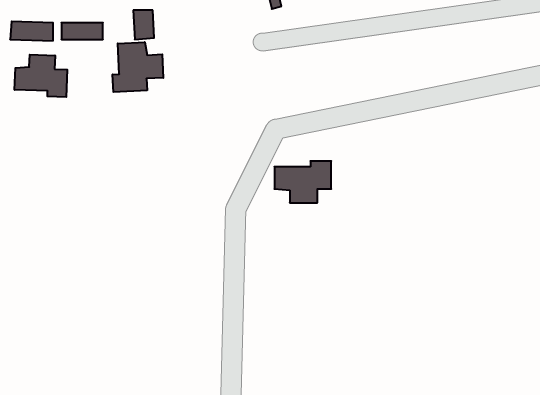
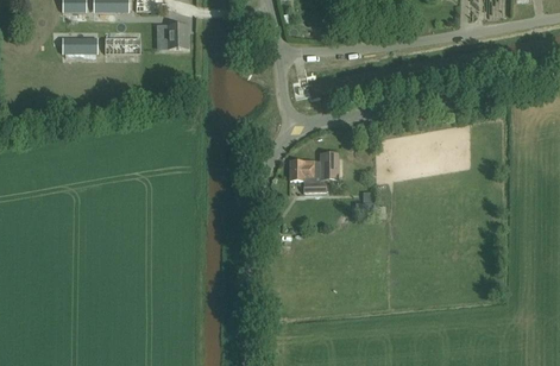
building: [113,42,163,92] -> none
building: [15,55,67,97] -> none

